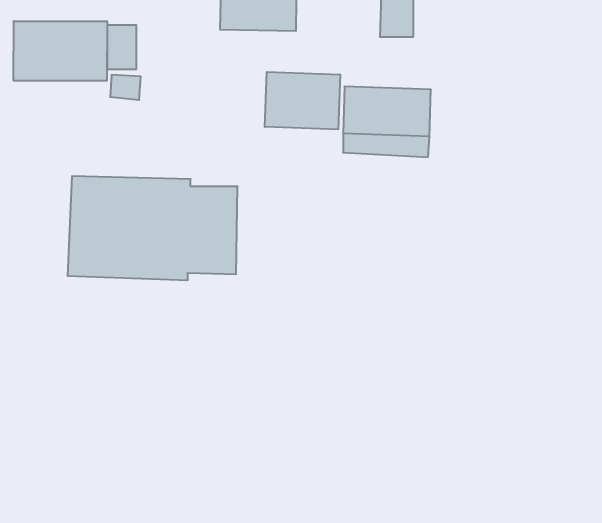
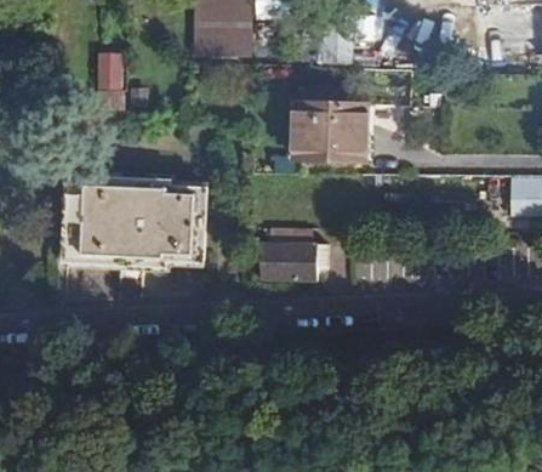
building: [14,21,107,81] -> none
building: [265,72,340,129] -> none
building: none -> [261,243,325,280]

